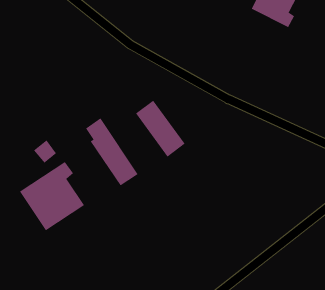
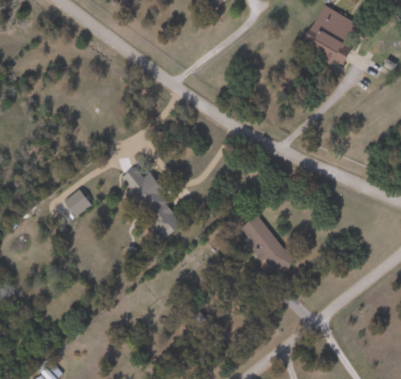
building: [135,100,185,157] -> [238,214,293,277]
building: [19,161,85,231] -> none

